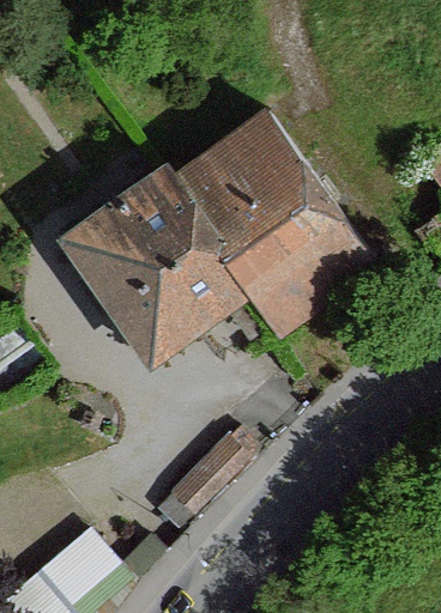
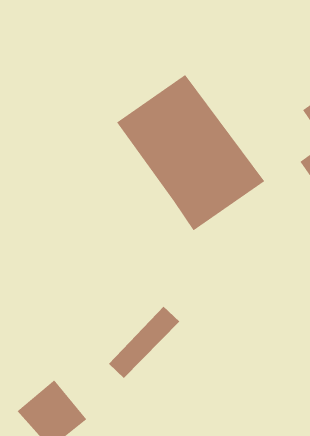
building: [60,168,246,359] -> none

